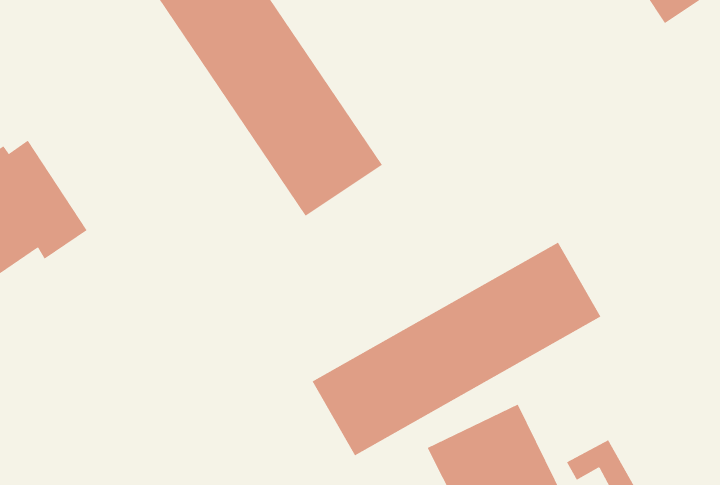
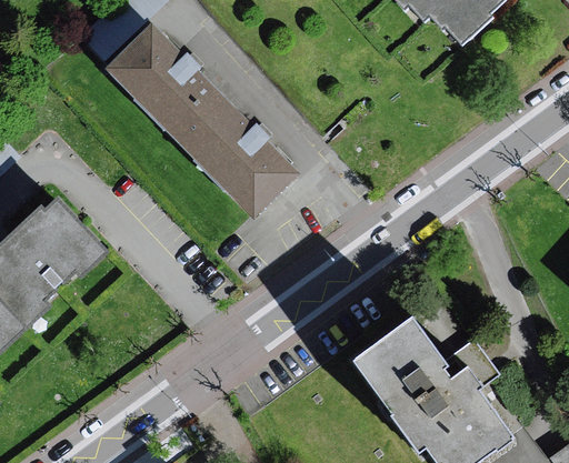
building: [312,242,601,456] -> none

